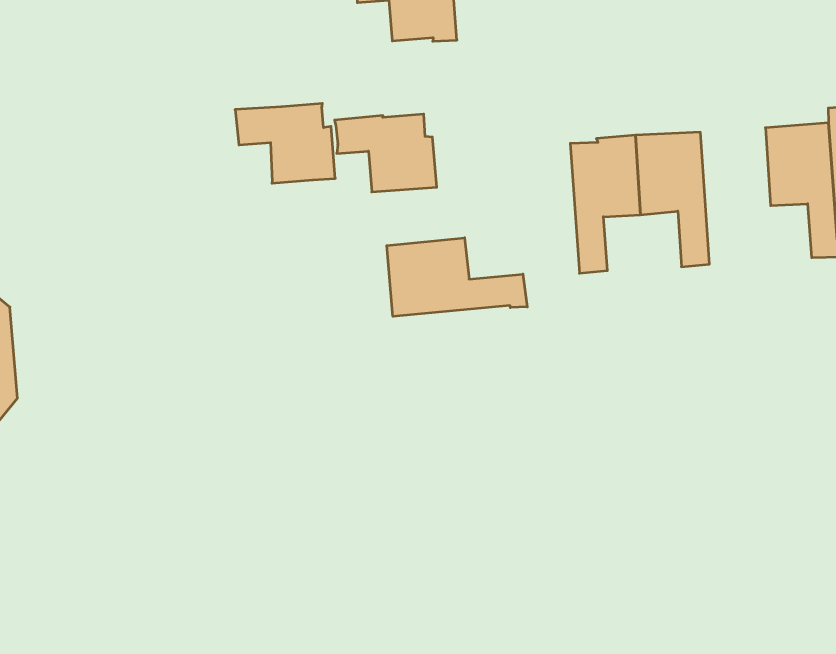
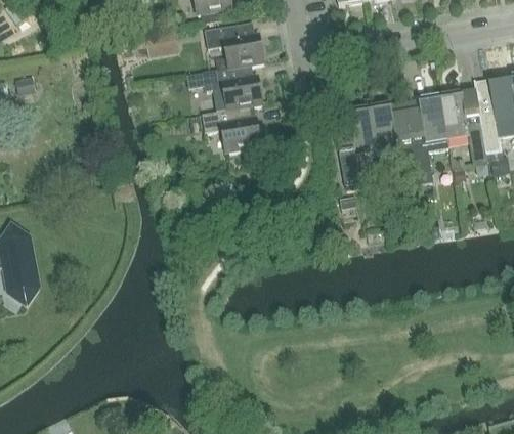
building: [235,103,335,183] -> [202,64,261,112]
building: none -> [403,96,448,175]
building: [387,238,527,316] -> none

